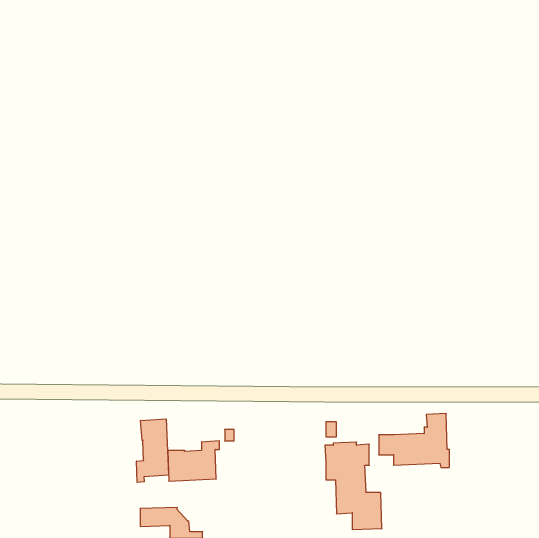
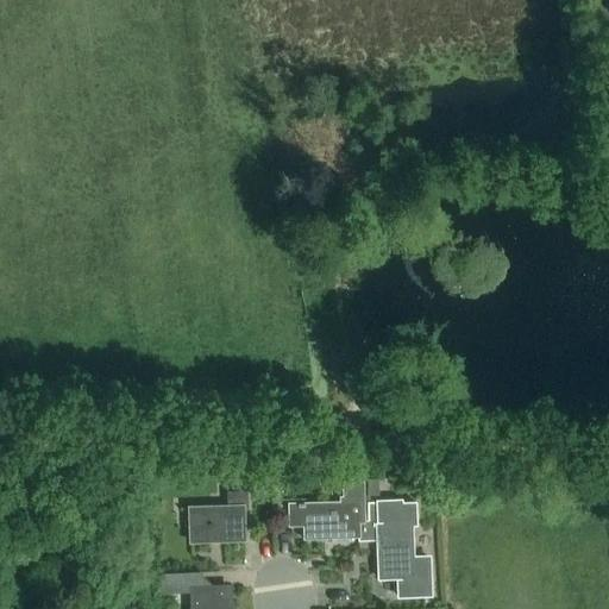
building: [379,414,449,467] -> [288,481,368,541]
building: [137,419,169,482] -> none

